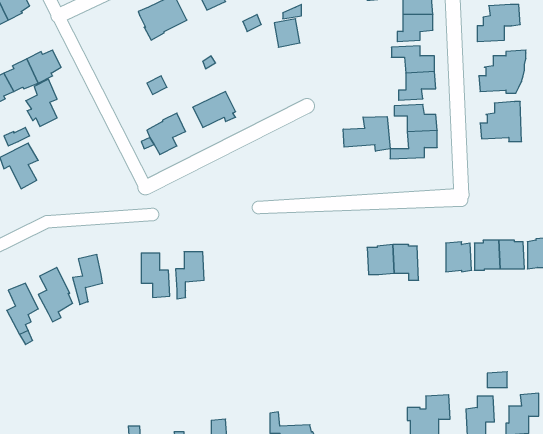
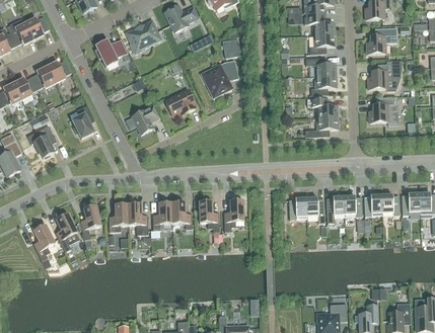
building: none -> [94,39,127,67]
building: none -> [201,60,238,97]
building: [26,79,57,126] -> [71,104,93,138]
building: [343,117,390,151] -> none
building: none -> [325,196,344,223]
building: none -> [223,199,243,232]
building: none -> [171,201,192,229]
building: none -> [199,201,219,232]
building: none -> [108,203,128,232]

